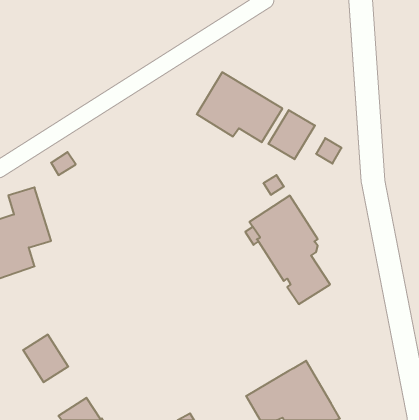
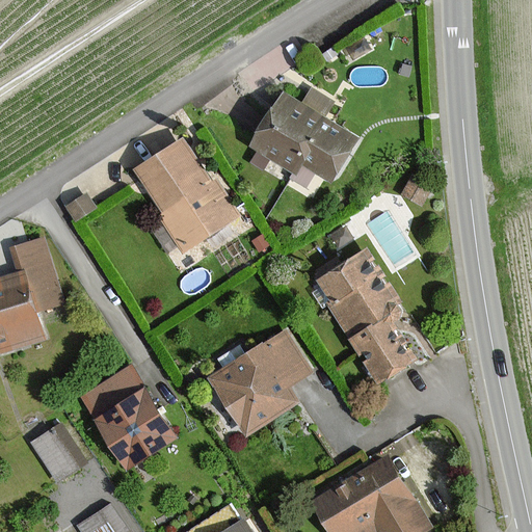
building: [268,110,315,159] -> none
building: none -> [135,140,239,254]
building: none -> [208,329,313,436]
building: none -> [80,367,175,470]

